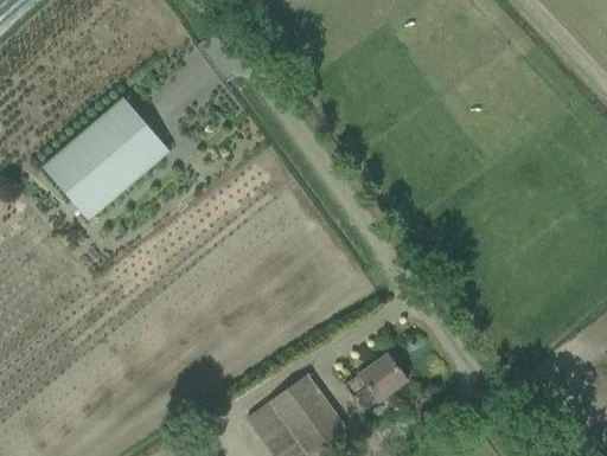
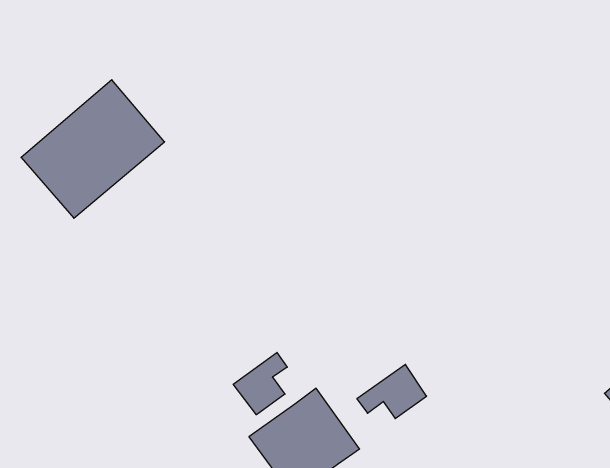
building: none -> [233,352,287,415]

